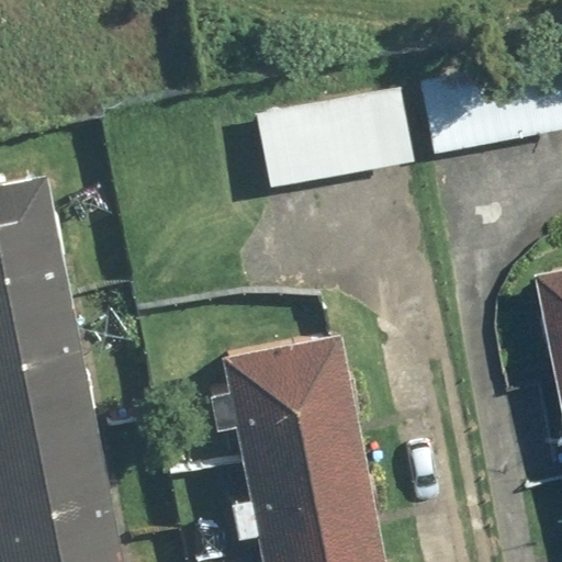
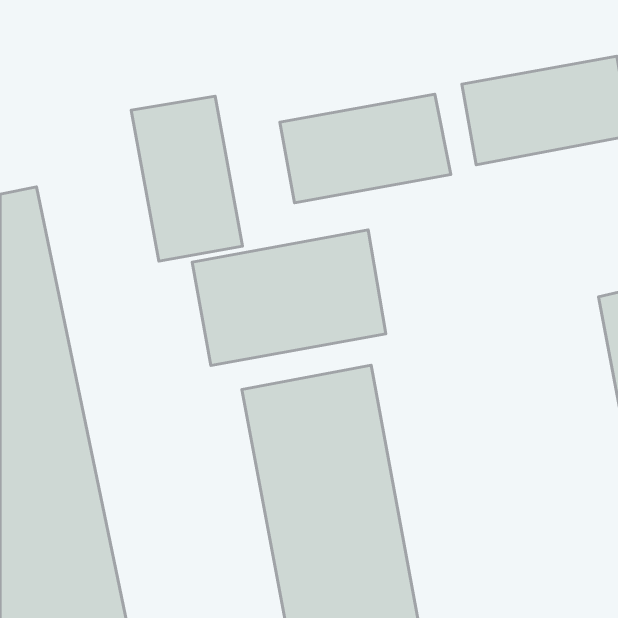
building: none -> [131,96,242,261]
building: none -> [192,230,386,365]

